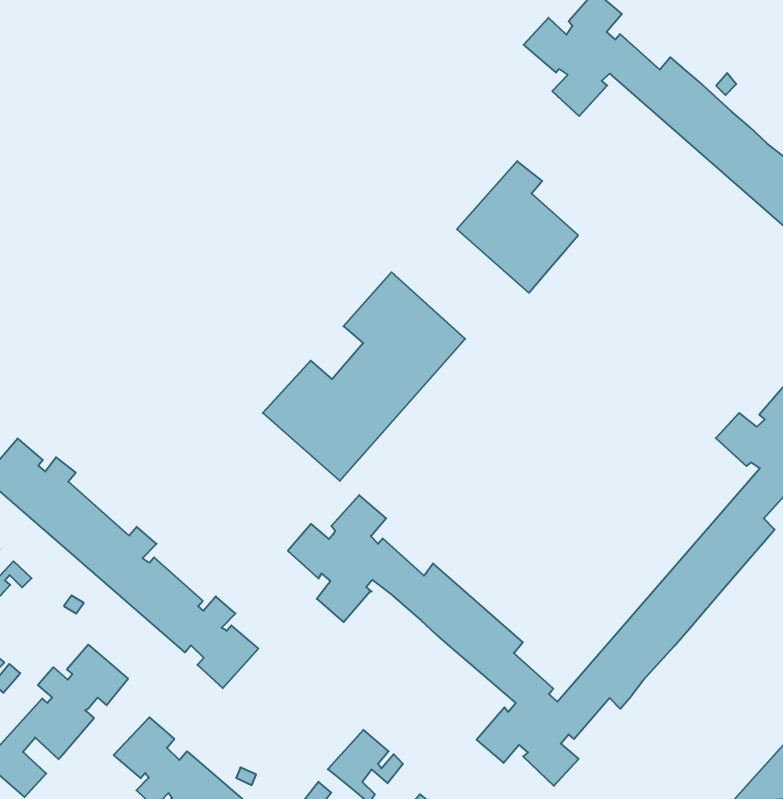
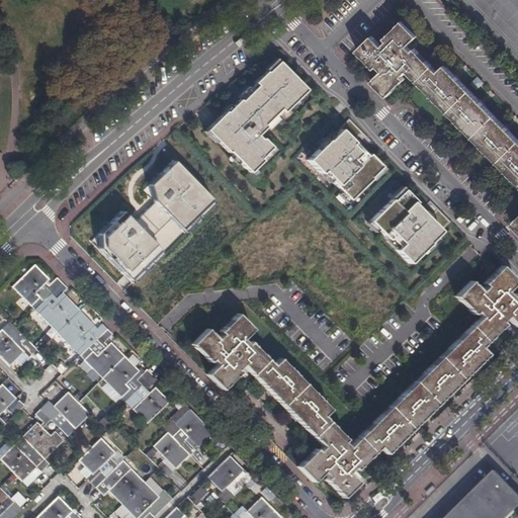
building: none -> [207,62,306,172]
building: none -> [370,190,451,263]
building: [263,272,465,481] -> [90,161,215,284]
building: none -> [147,410,213,479]

